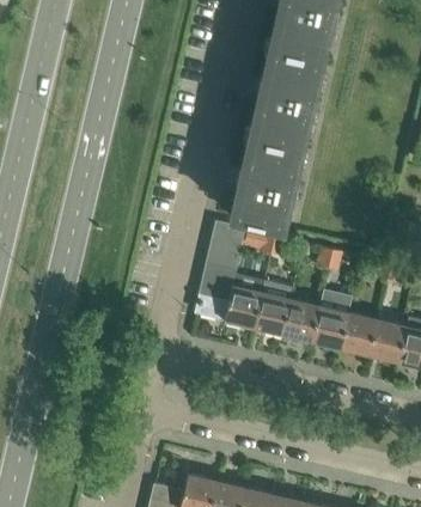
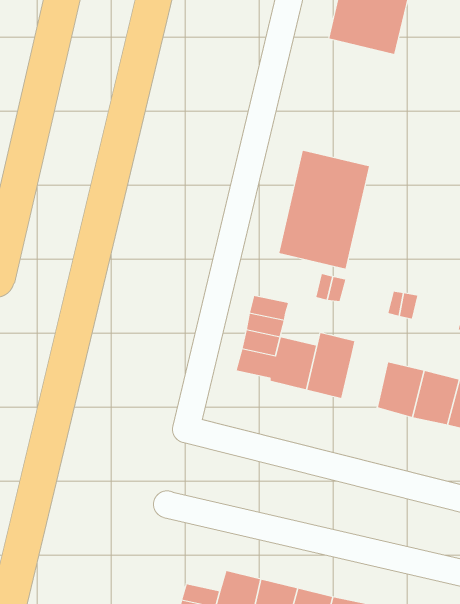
building: [250,42,325,146] -> none
building: [210,224,246,257] -> none
building: [282,299,319,342] -> none

